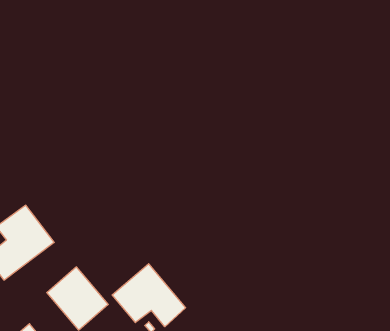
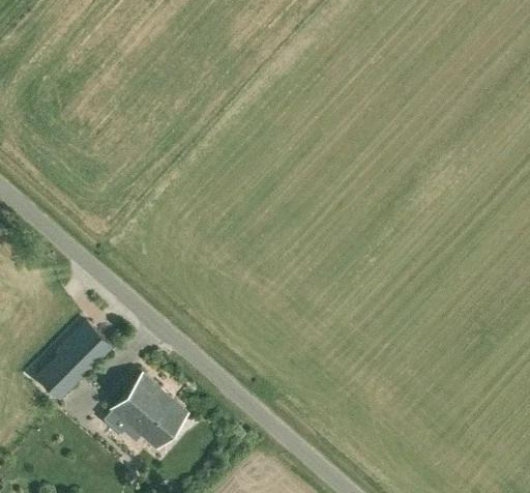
building: [112,264,186,327] -> none

